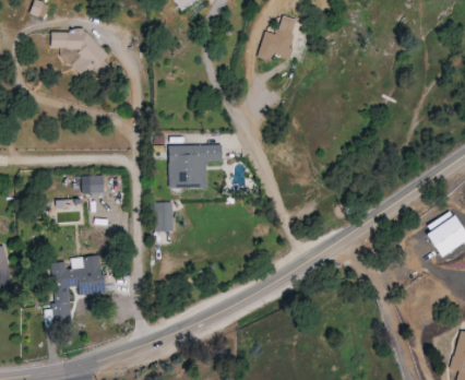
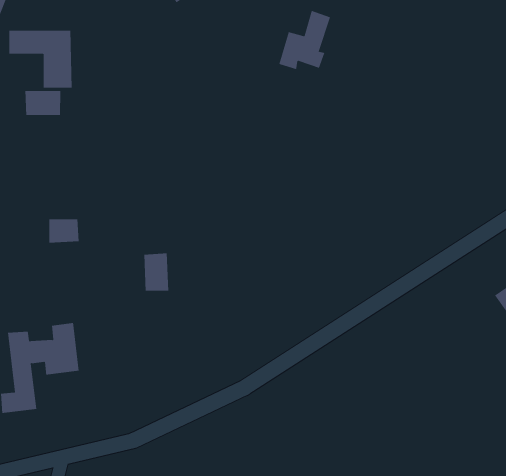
building: none -> [25,90,61,116]
building: [168,144,222,189] -> none

